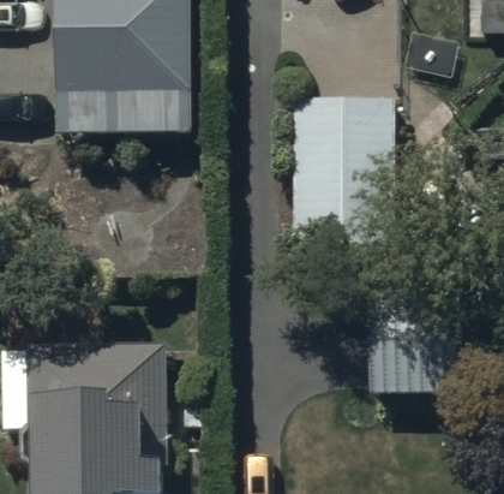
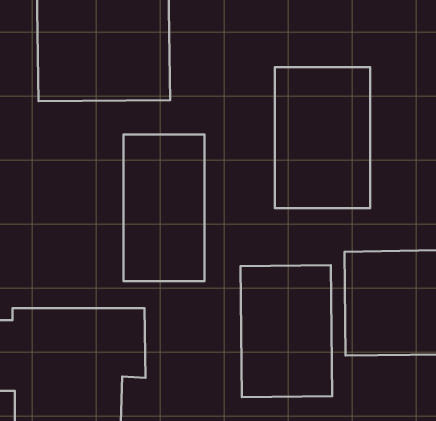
building: none -> [123,134,204,281]
building: none -> [240,265,332,397]

